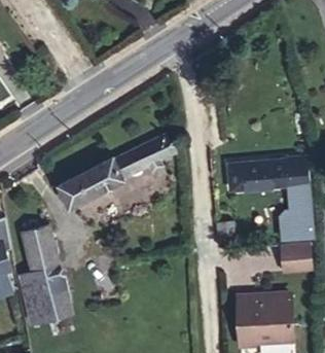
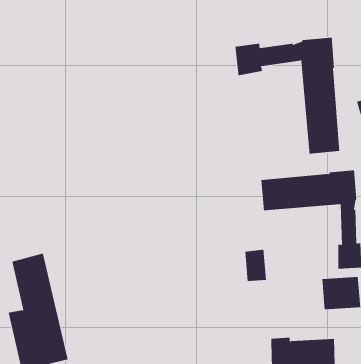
building: none -> [235,37,340,154]
building: [59,135,174,207] -> none

